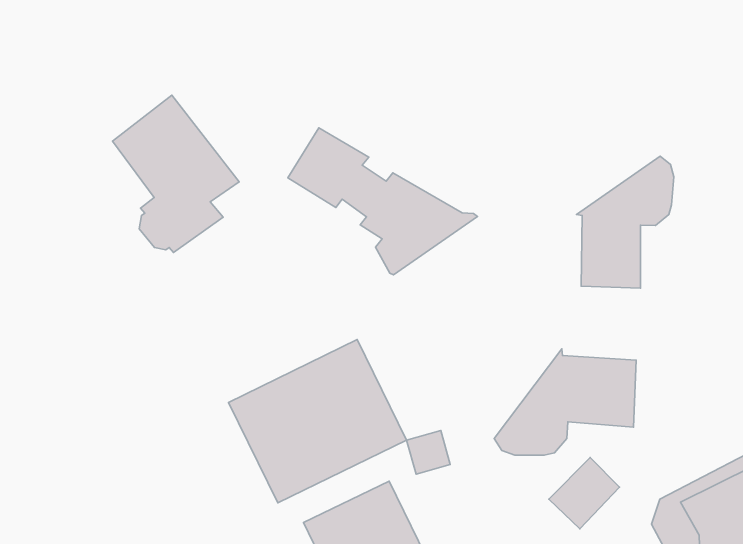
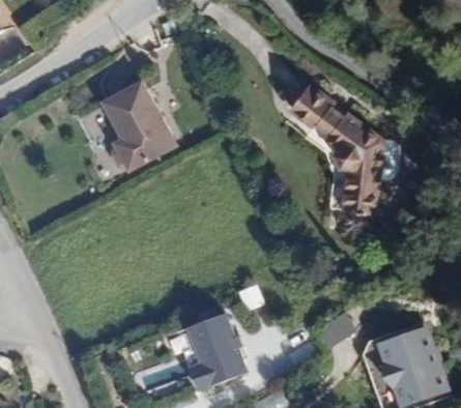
building: [288,128,478,275] -> [294,88,398,175]
building: [228,340,407,503] -> none
building: [494,349,636,455] -> none

